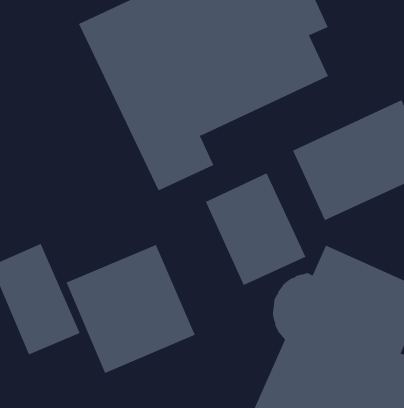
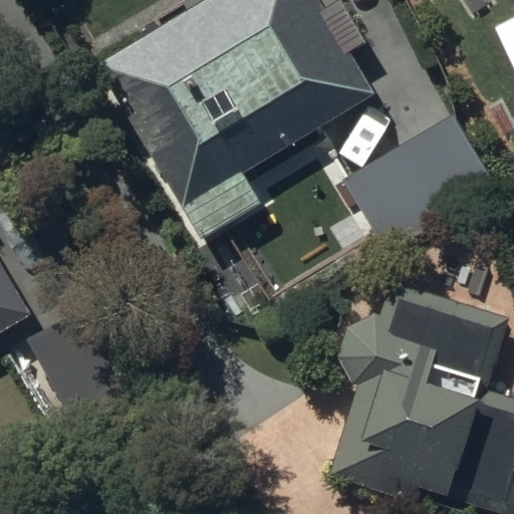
building: [205,173,306,286] -> none
building: [66,244,195,374] -> none

